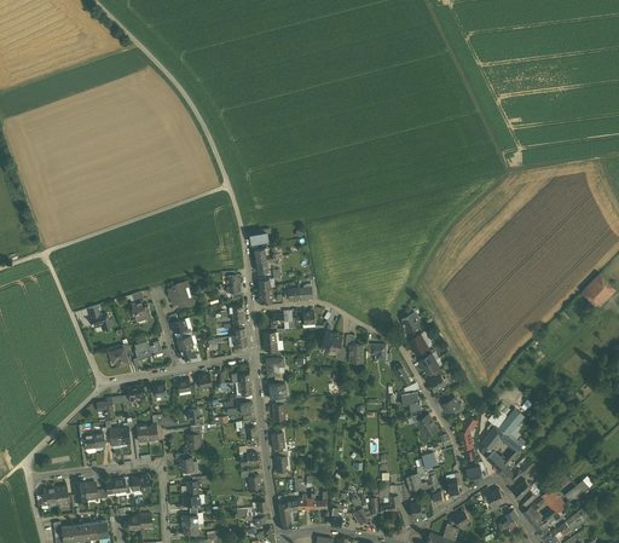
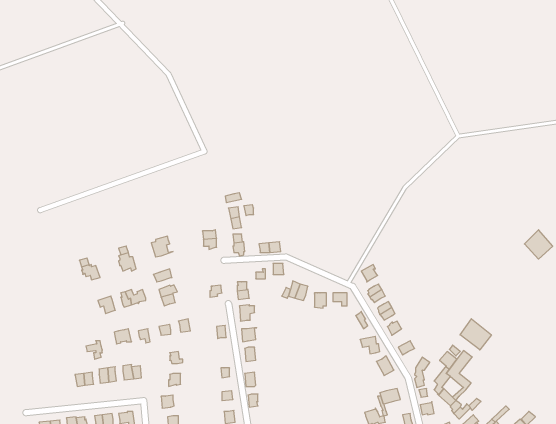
building: none -> [460,319,491,350]

